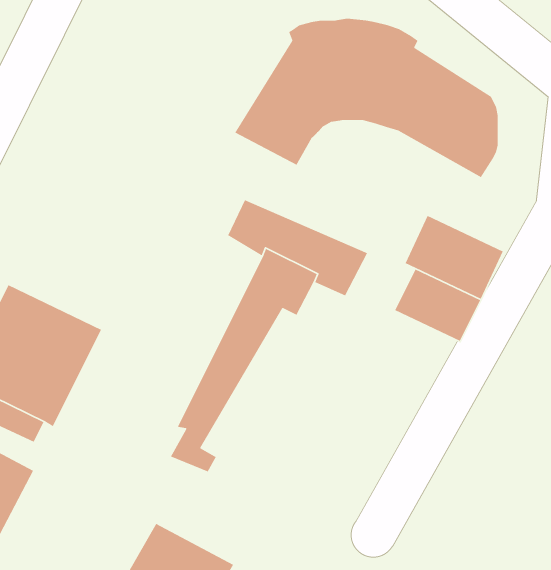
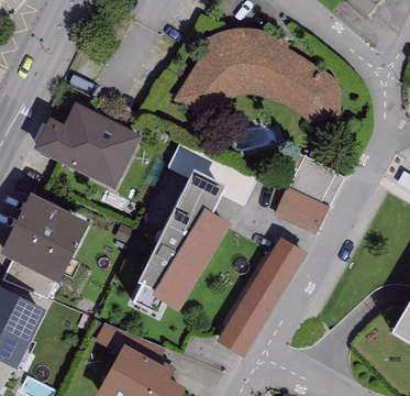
building: none -> [33,102,142,190]
building: none -> [152,210,230,314]
building: none -> [215,234,307,356]

